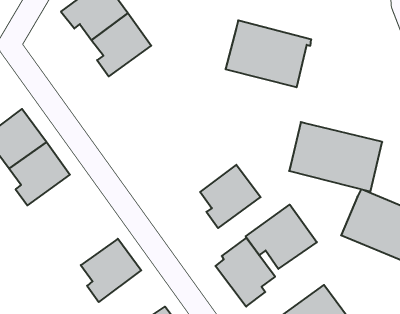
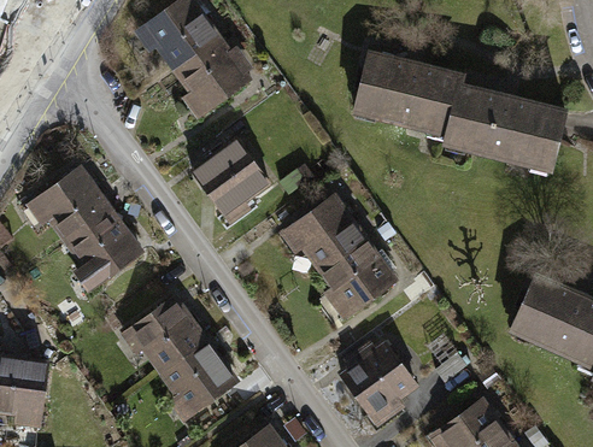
building: none -> [189,136,270,225]
building: [289,122,382,192] -> [445,78,569,171]
building: none -> [278,195,366,275]
building: [246,205,317,269] -> none
building: none -> [119,293,209,372]

